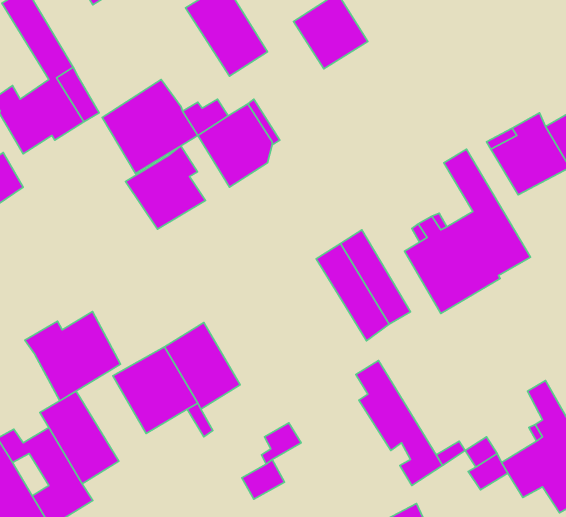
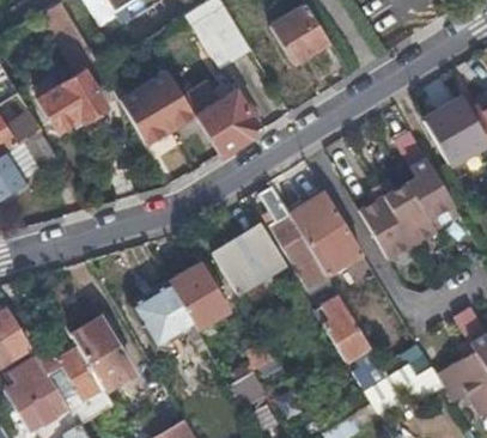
building: [125,146,205,229] -> none
building: none -> [256,185,331,296]
building: none -> [212,223,286,296]
building: [25,312,120,401] -> none

